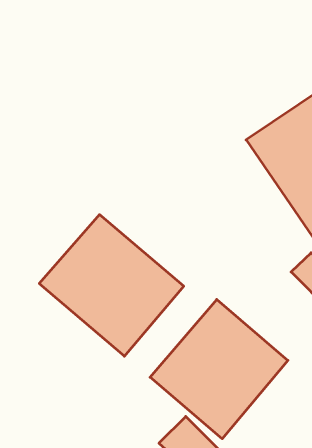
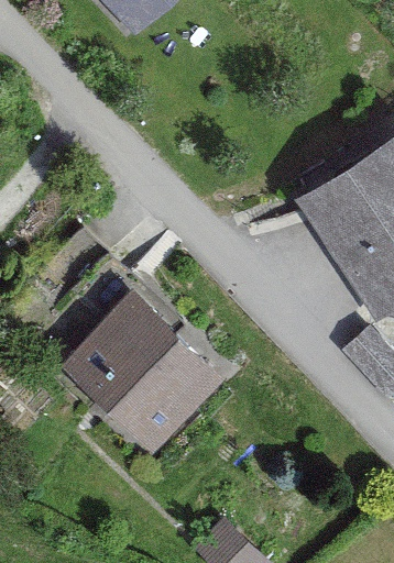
building: [150,299,288,439] -> none

